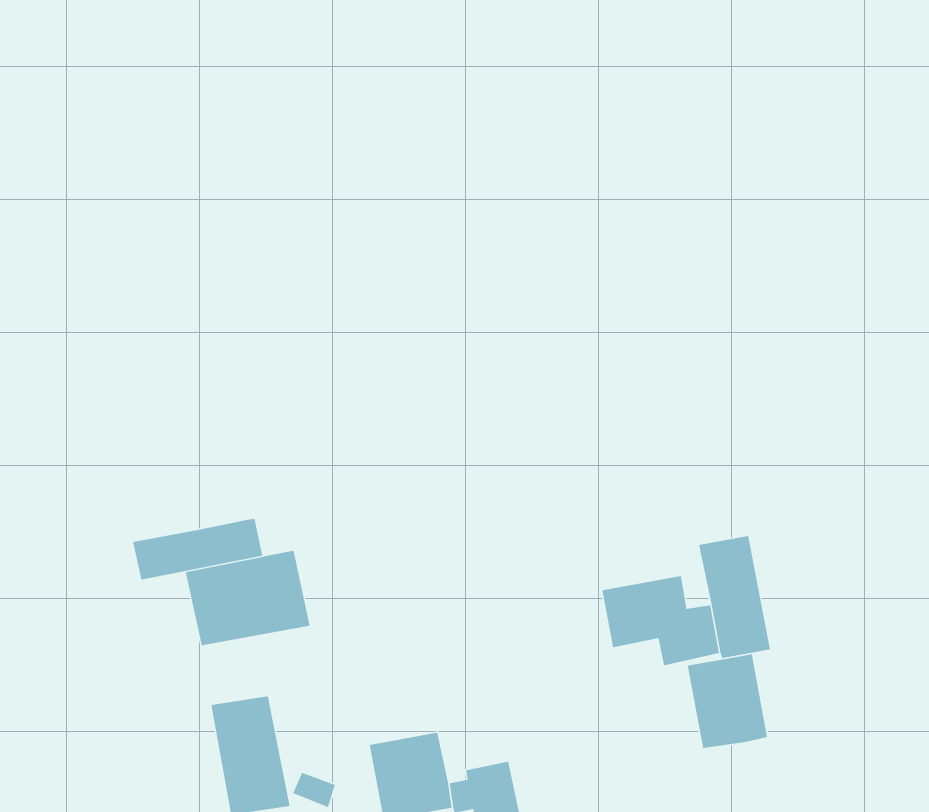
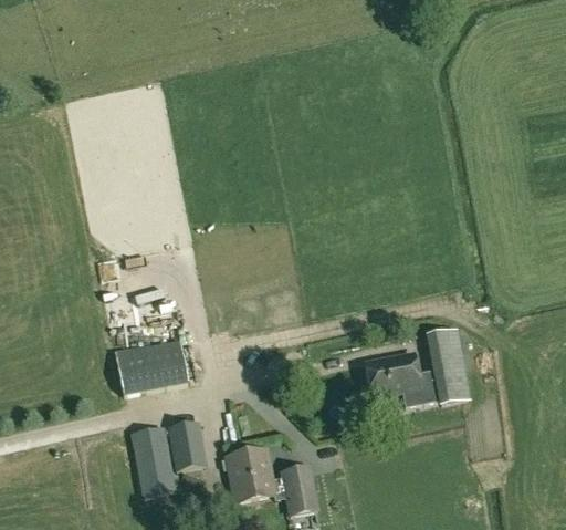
building: [132,518,263,580] -> none
building: [687,654,768,749] -> none
building: none -> [166,419,207,470]

